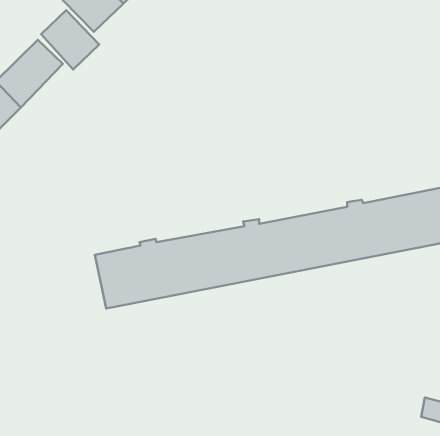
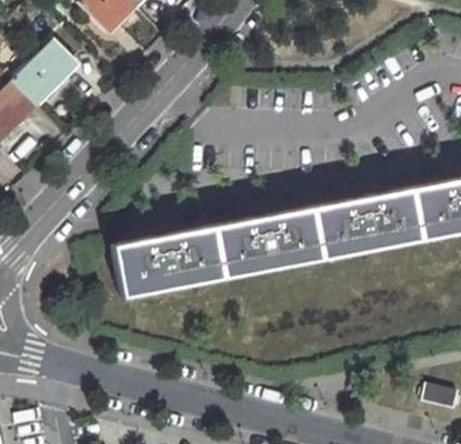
building: [41,10,99,70] -> none

